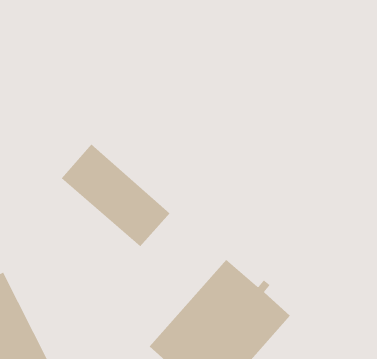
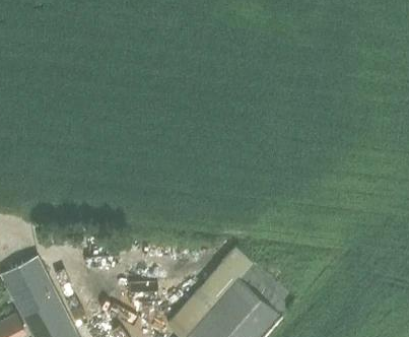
building: [61,143,170,247] -> none

